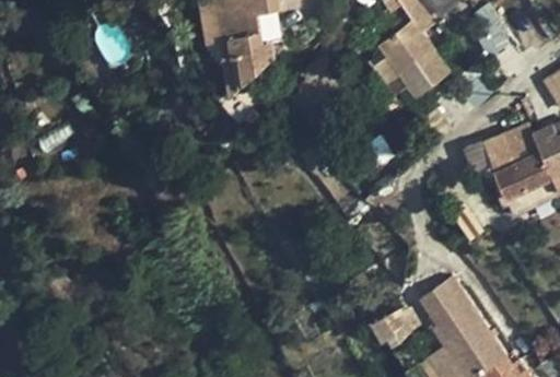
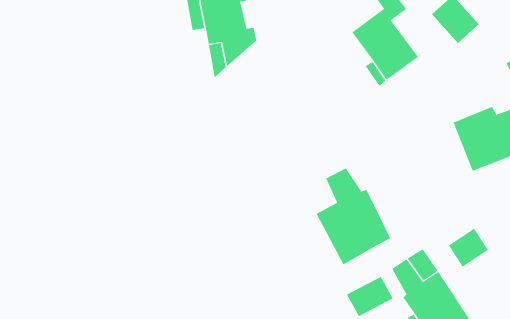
building: none -> [316,167,391,265]
building: none -> [448,228,489,267]

